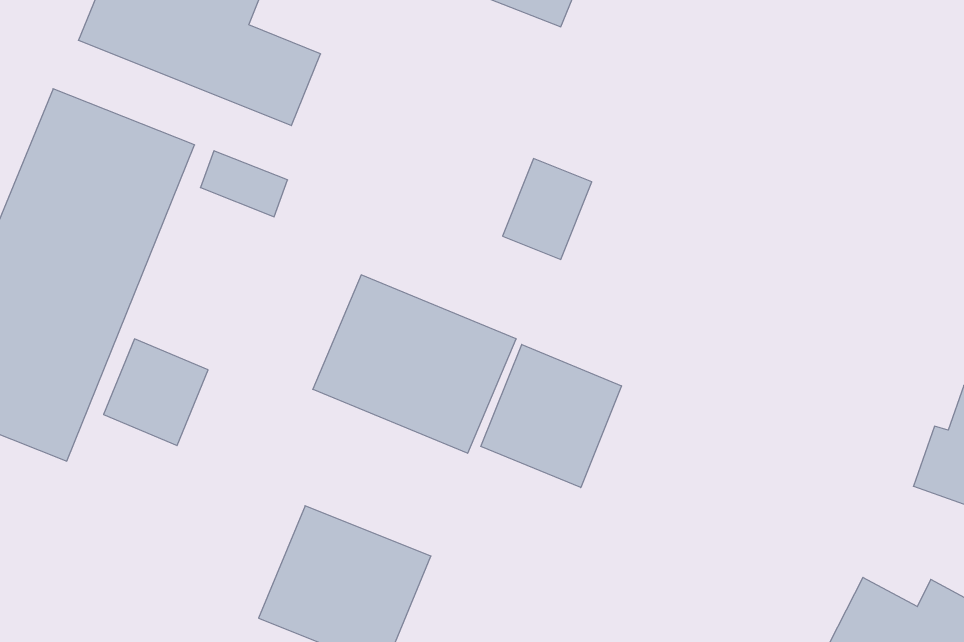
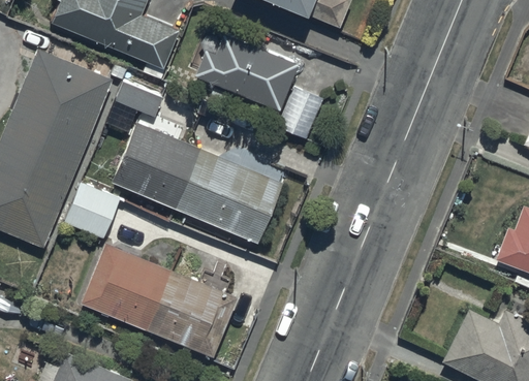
building: none -> [194,34,299,112]
building: none -> [112,123,201,210]
building: [481,344,621,488] -> none
building: none -> [81,245,172,331]

